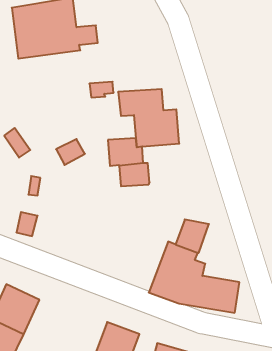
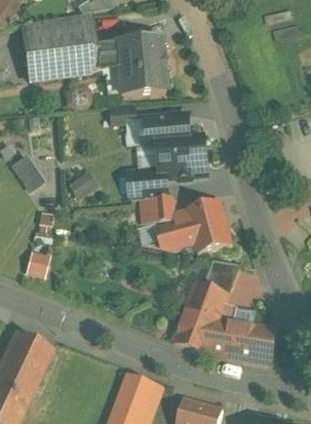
building: none -> [115,38,164,94]
building: none -> [157,201,231,252]

